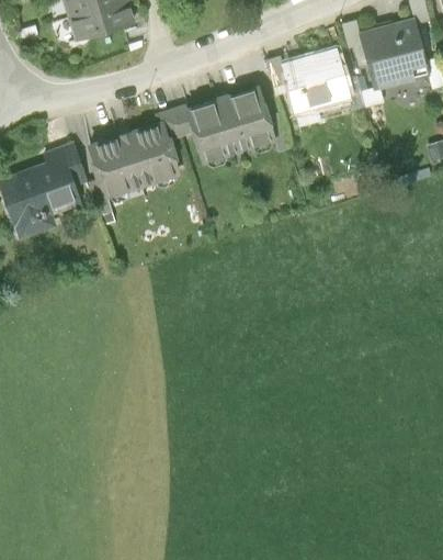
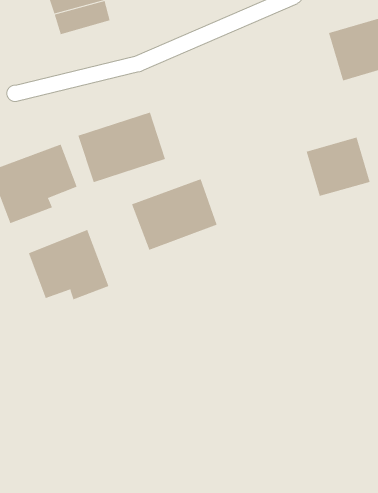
building: [282,49,351,113] -> [306,137,371,197]
building: [184,82,276,159] -> [131,178,217,250]
building: none -> [28,229,109,300]

